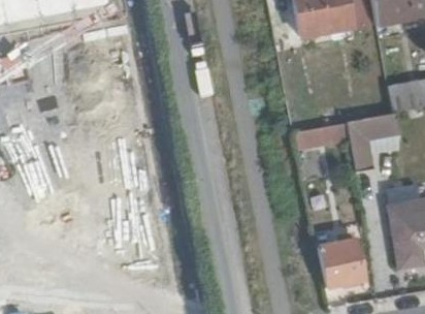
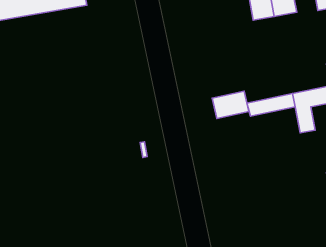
building: none -> [212,91,249,118]
building: [317,238,364,287] -> none

